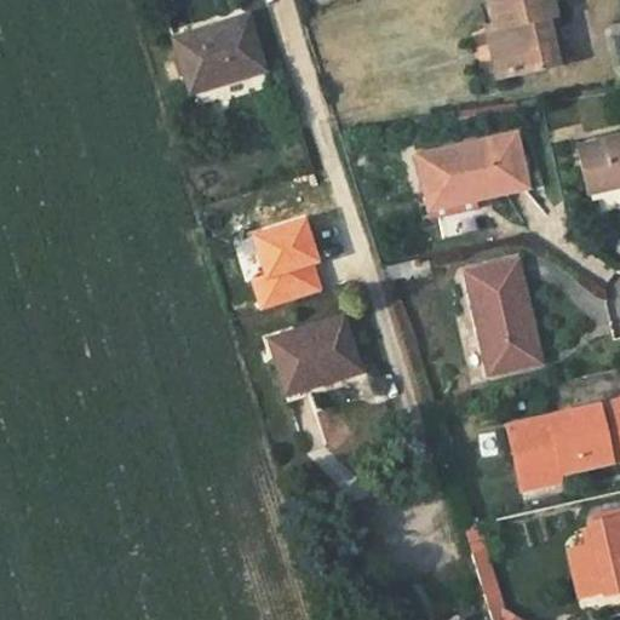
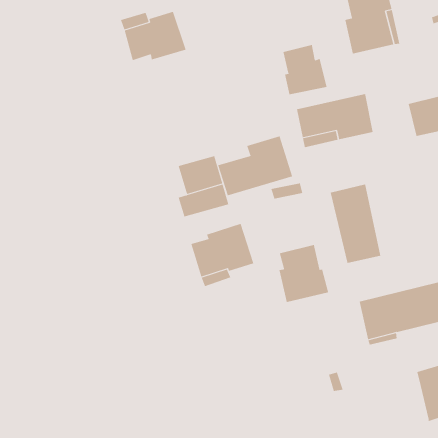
building: none -> [283,44,327,95]
building: none -> [218,135,293,196]
building: none -> [279,244,329,303]
building: [568,544,604,597] -> none

